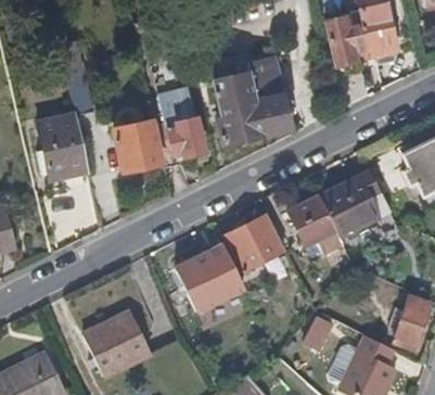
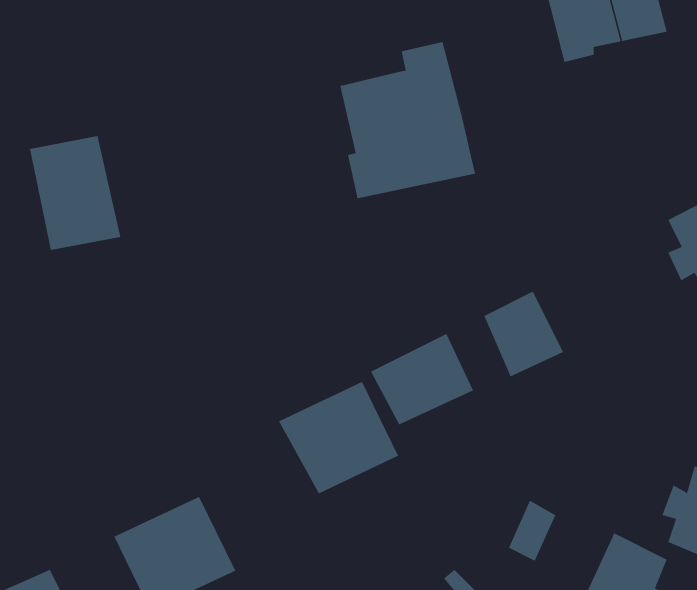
building: [156,89,206,157] -> none
building: [112,125,158,173] -> none
building: [320,171,379,233] -> none

